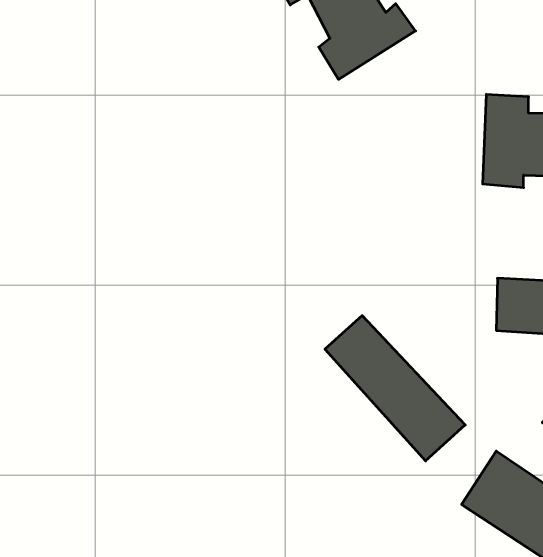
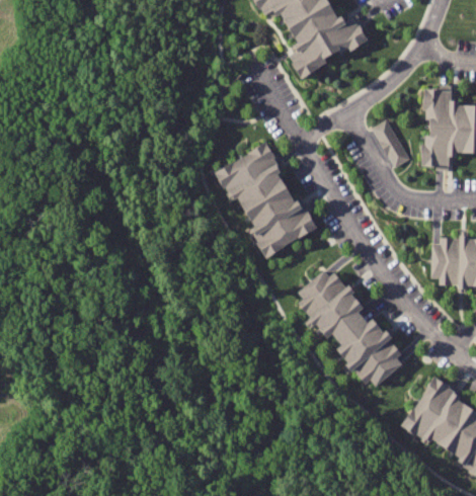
building: none -> [369,118,407,167]
building: none -> [218,144,317,258]

